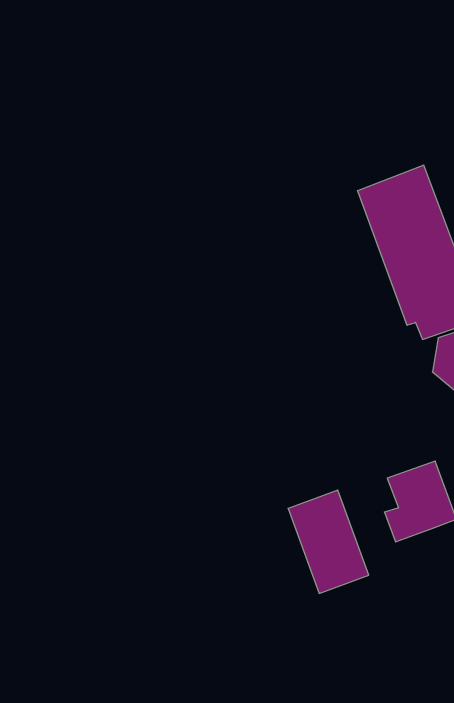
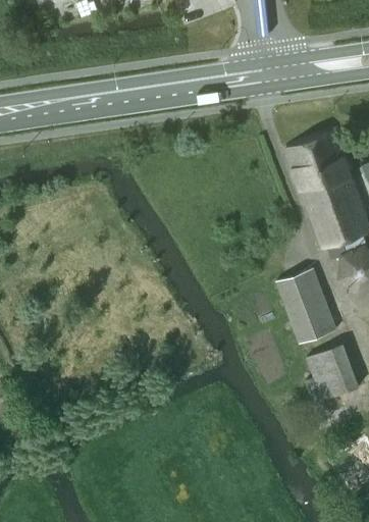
building: [288,490,369,593] -> [277,268,335,343]

